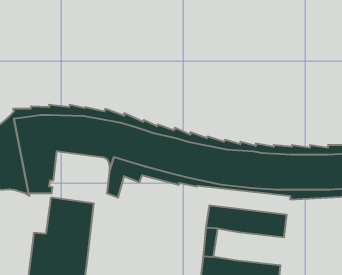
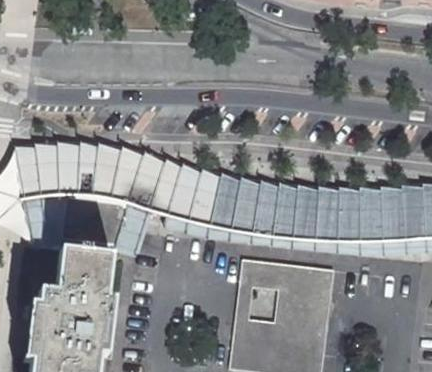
building: none -> [63,195,129,244]
building: none -> [276,289,332,328]

